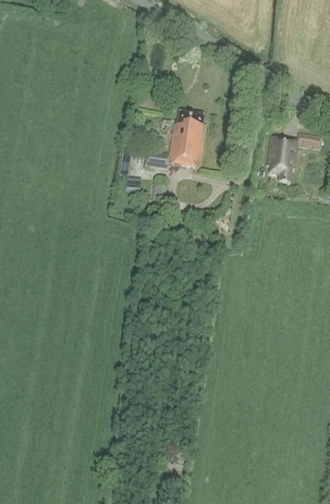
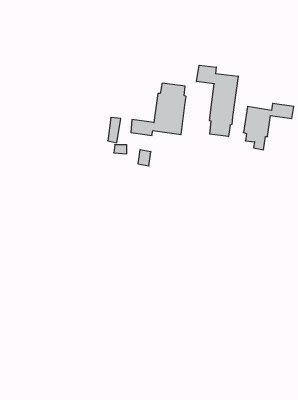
building: none -> [197,65,238,137]

